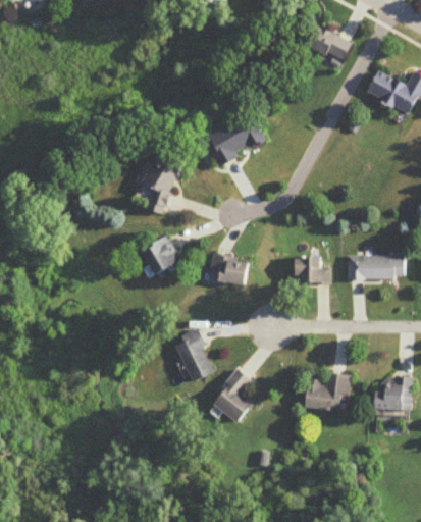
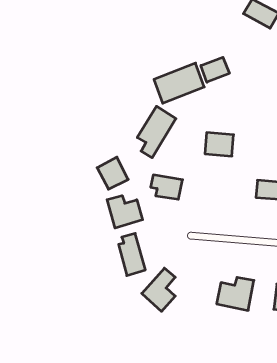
building: none -> [201,57,229,82]
building: [140,151,186,215] -> [137,106,176,158]
building: [290,254,323,280] -> [205,133,234,156]
building: none -> [107,196,143,228]

